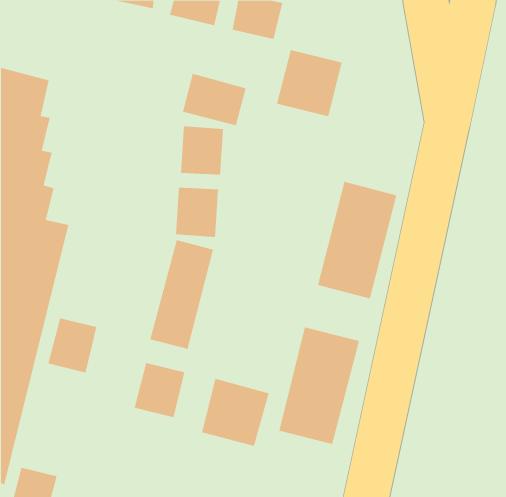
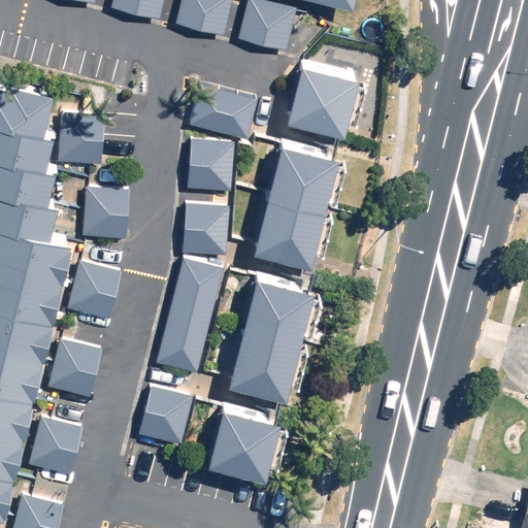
building: none -> [59,114,103,165]
building: none -> [85,189,130,238]
building: [317,181,397,299] -> [253,140,336,263]
building: none -> [68,262,121,321]
building: [278,327,360,445] -> [229,272,314,395]
building: none -> [29,419,80,475]

